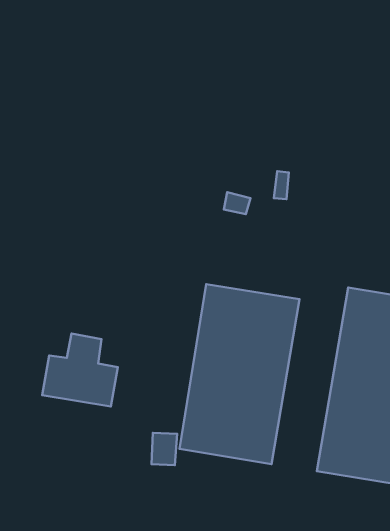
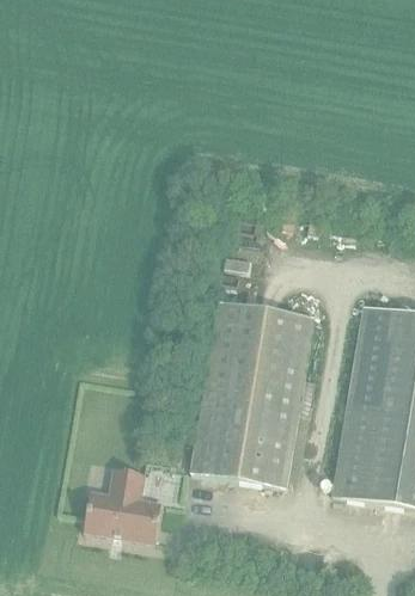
building: [42,333,118,407] -> [84,467,161,542]

